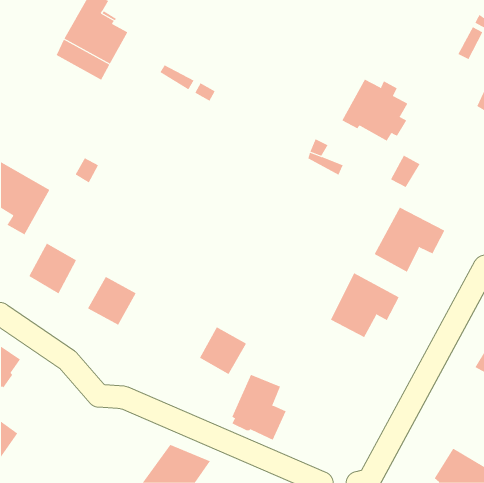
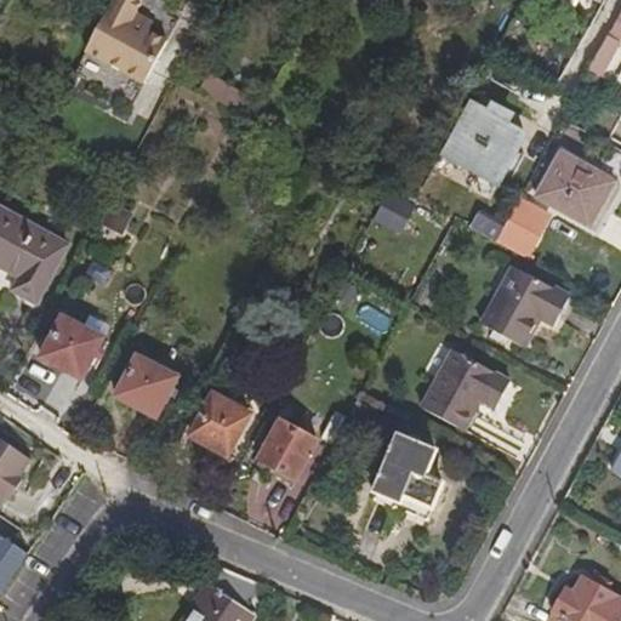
building: none -> [535,153,613,227]
building: none -> [188,392,250,456]
building: [231,374,286,440] -> [371,433,441,518]

